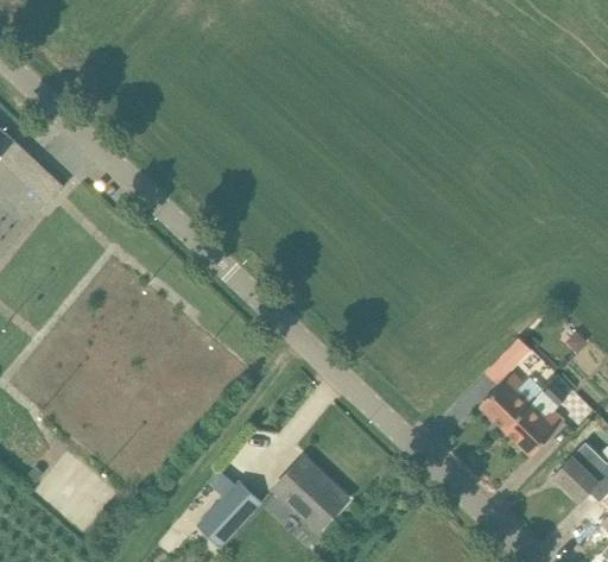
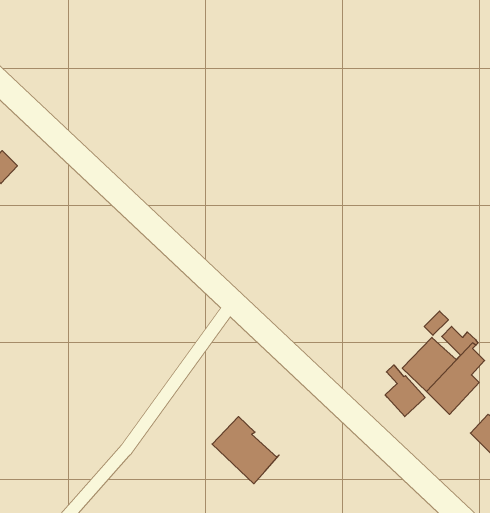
building: none -> [385,365,425,417]
building: [196,467,264,550] -> none

